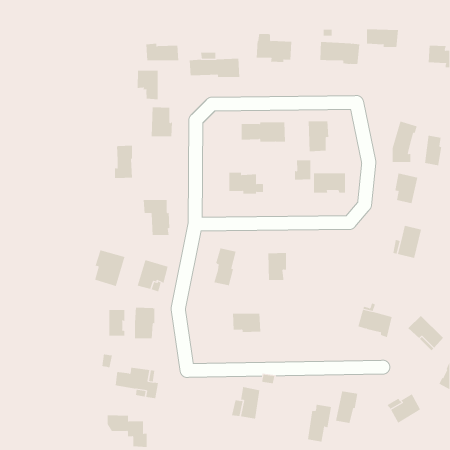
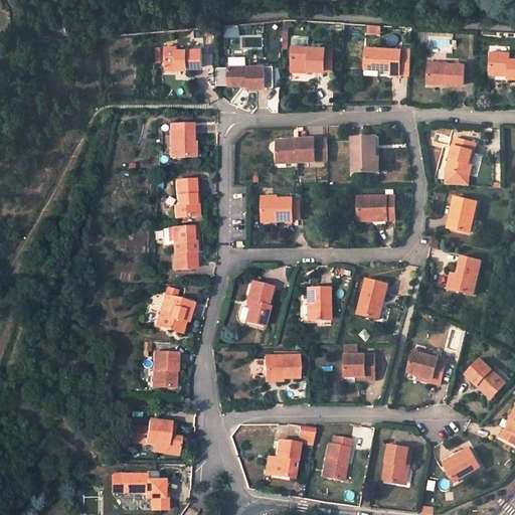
building: [366,29,399,47] -> [427,62,465,83]
building: [137,70,158,100] -> none
building: [424,135,442,166] -> none
building: [114,145,133,179] -> [173,178,194,216]
building: [295,159,311,181] -> none
building: none -> [360,278,389,317]
building: [95,250,125,287] -> none
building: none -> [343,345,374,379]
building: [109,309,125,337] -> none
building: [307,404,332,442] -> [322,437,350,480]

